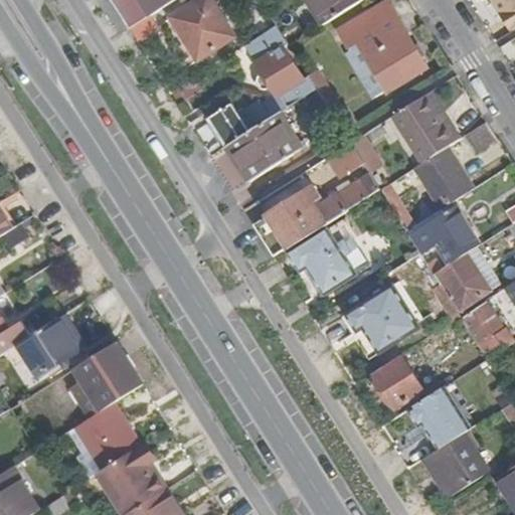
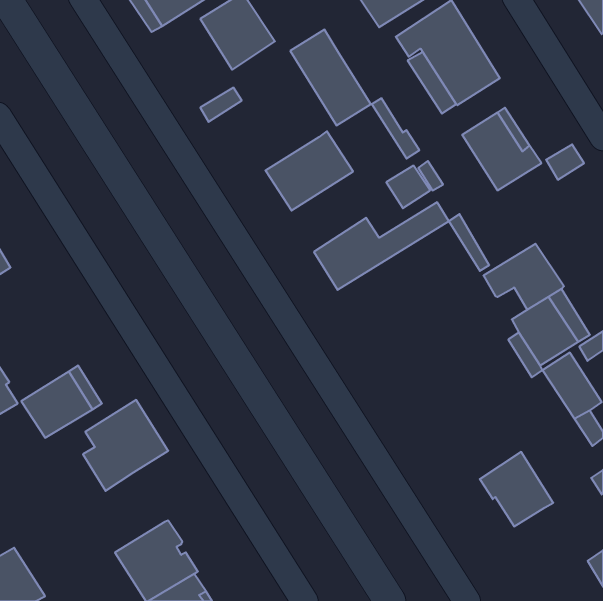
building: [207,100,271,146] -> none
building: [414,147,474,209] -> none
building: [289,221,354,292] -> none
building: [345,283,418,356] -> none
building: [374,357,422,407] -> none
building: [70,401,140,467] -> none
building: [422,432,488,497] -> none

